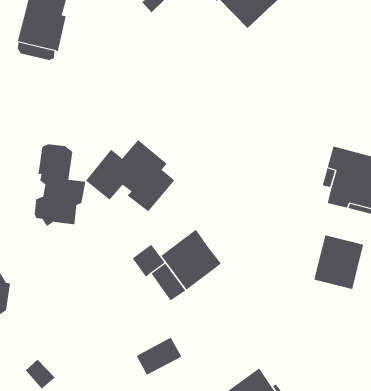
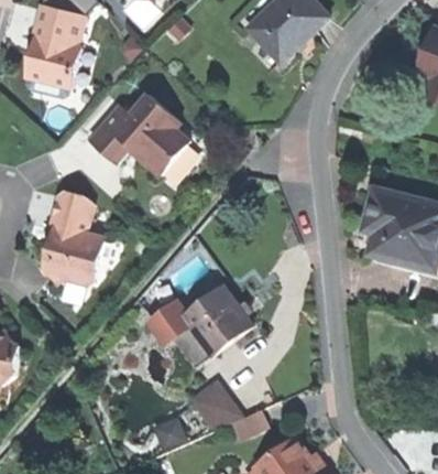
building: [85,139,175,212] -> [89,94,189,175]
building: [314,234,364,290] -> none
building: none -> [196,377,274,438]

